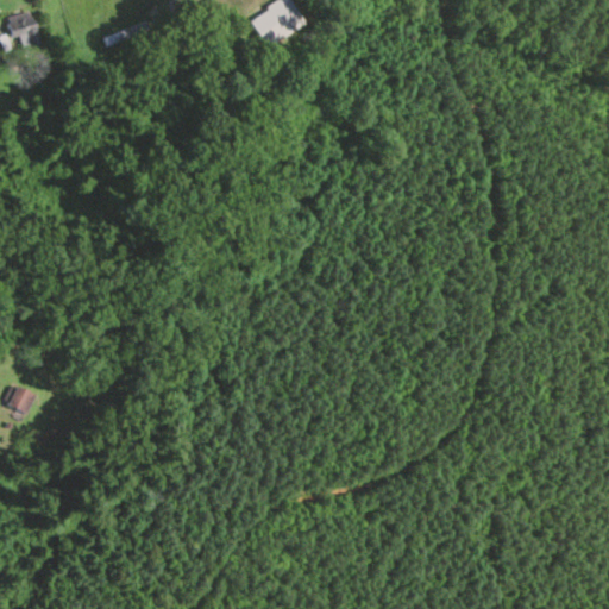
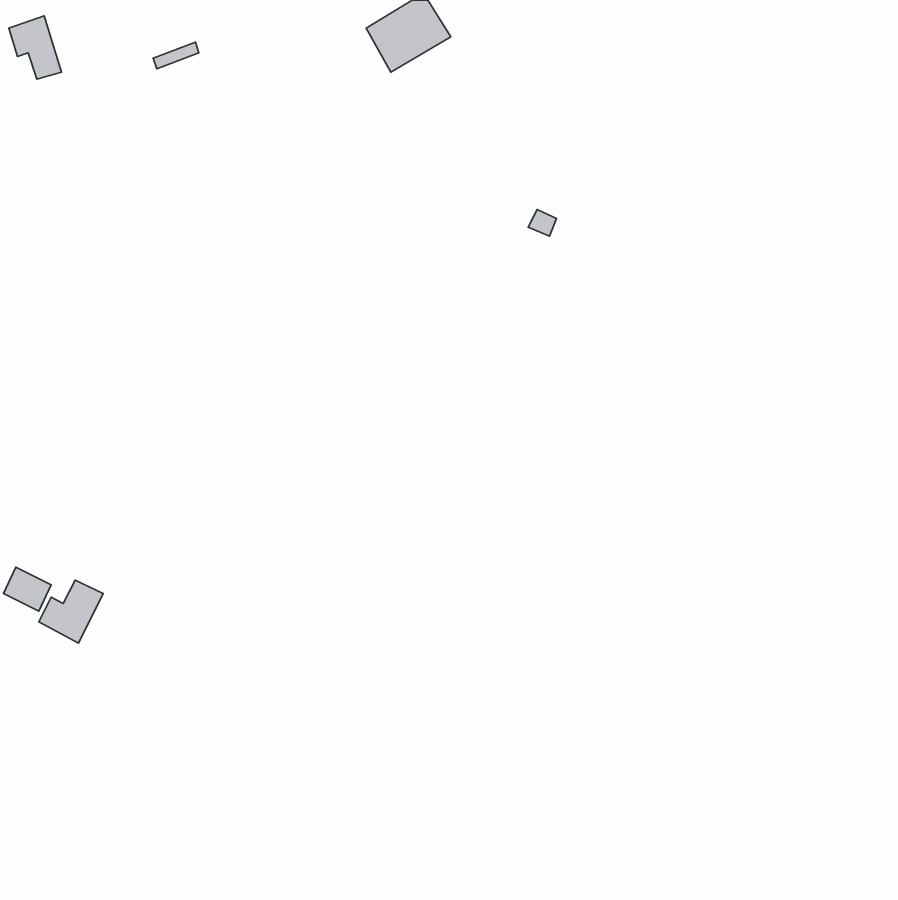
building: none -> [39,580,103,643]

